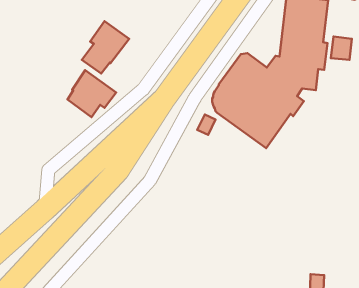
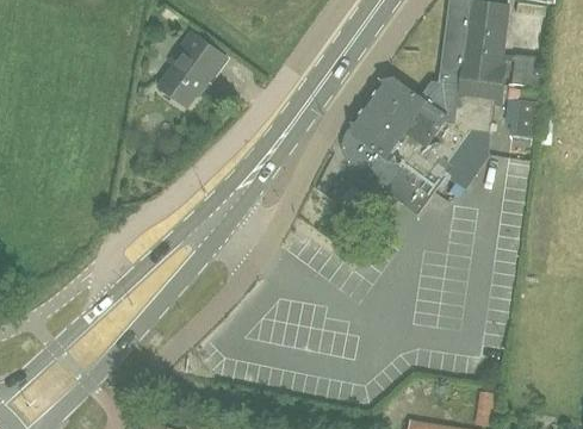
building: none -> [516,97,539,135]
building: [67,70,116,117] -> none

